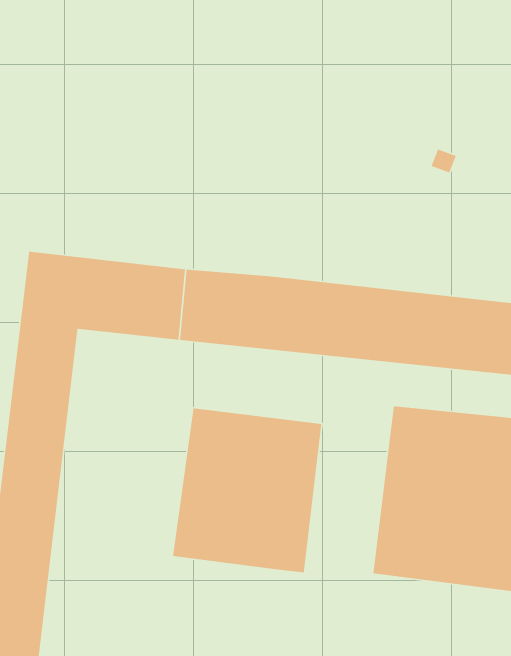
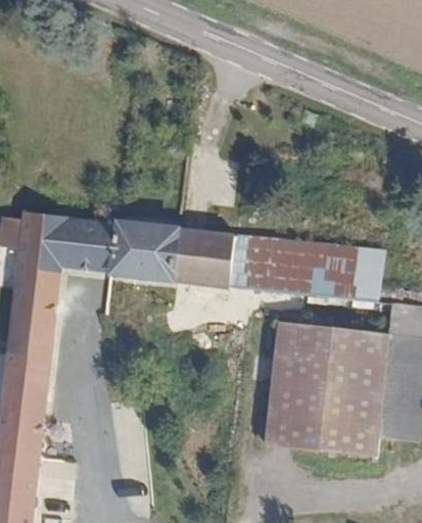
building: [172,407,322,573] -> none

